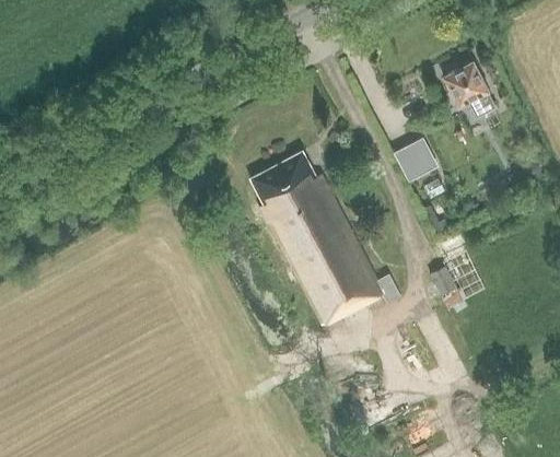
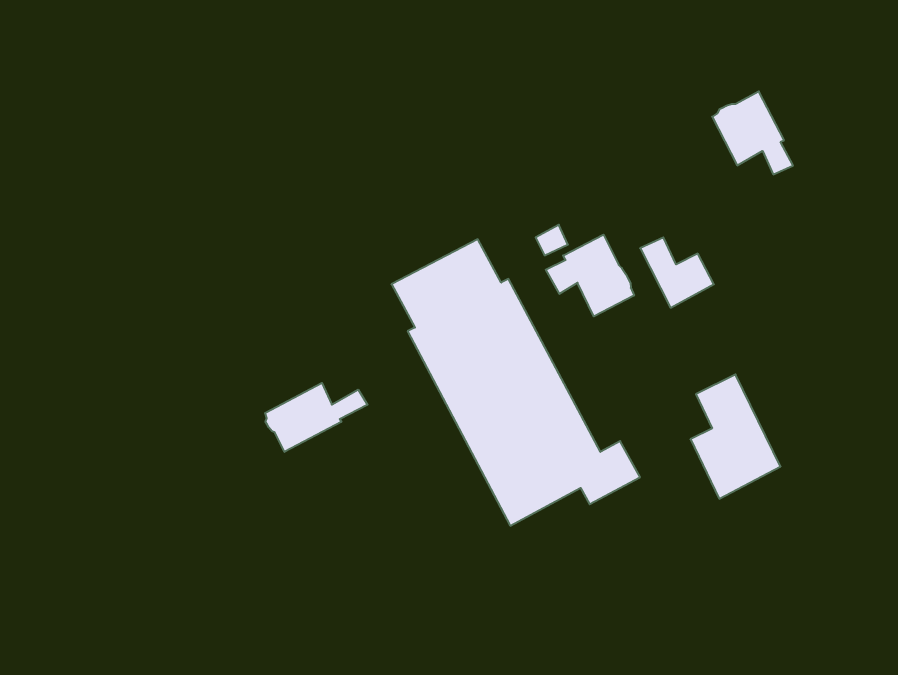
building: none -> [546,235,634,316]
building: none -> [265,383,368,452]

